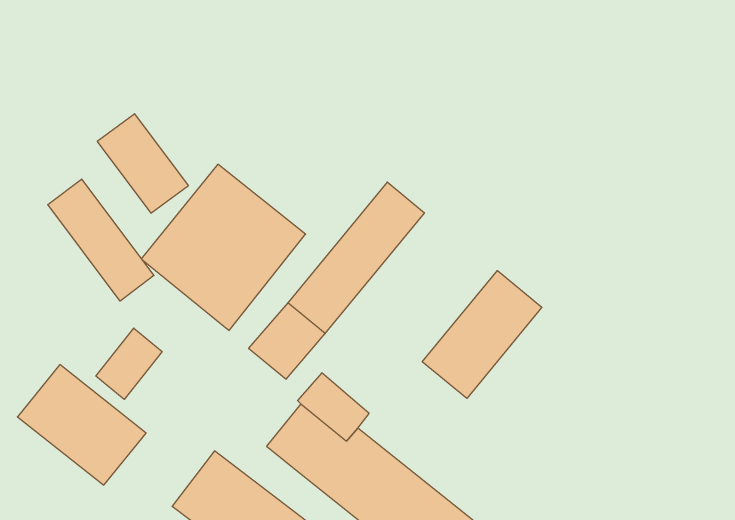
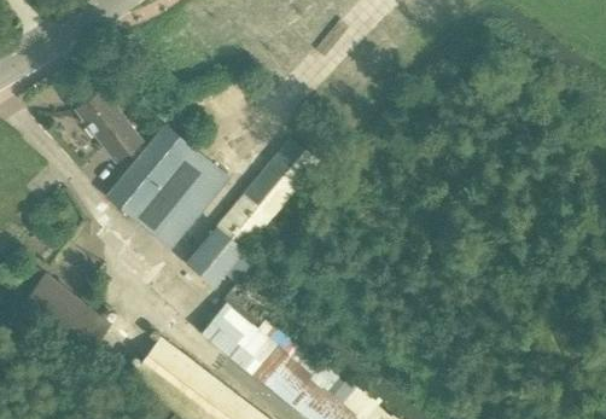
building: [48,179,154,301] -> none
building: [422,271,542,398] -> none
building: [96,328,162,399] -> none

